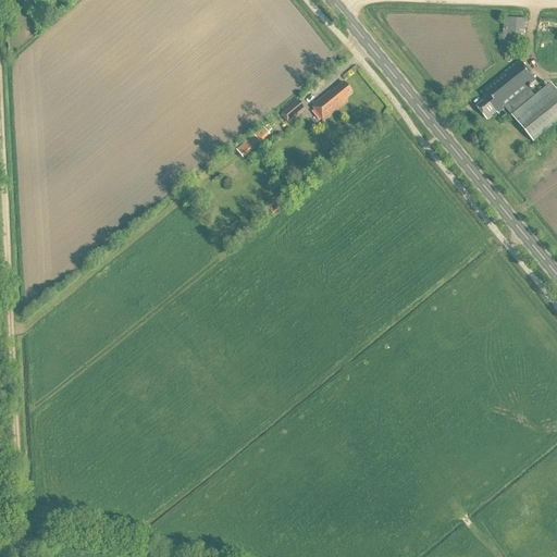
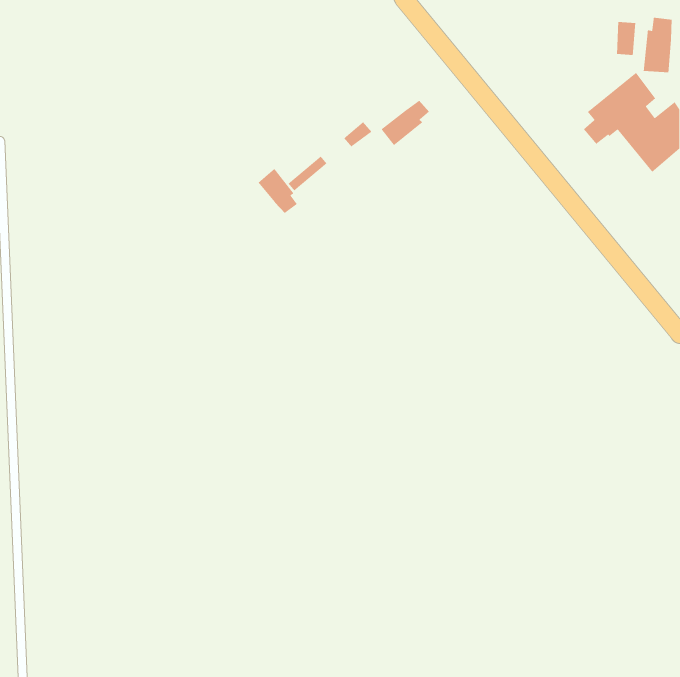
building: none -> [643,17,672,73]
building: none -> [257,168,298,214]

